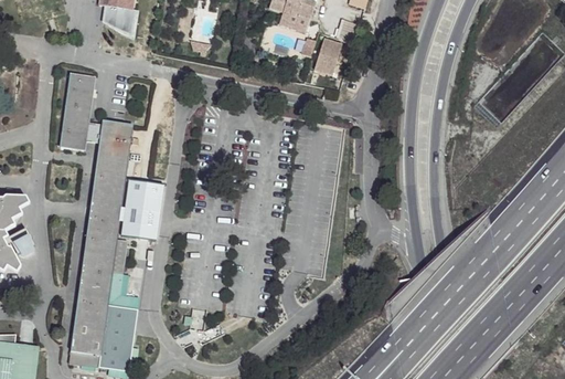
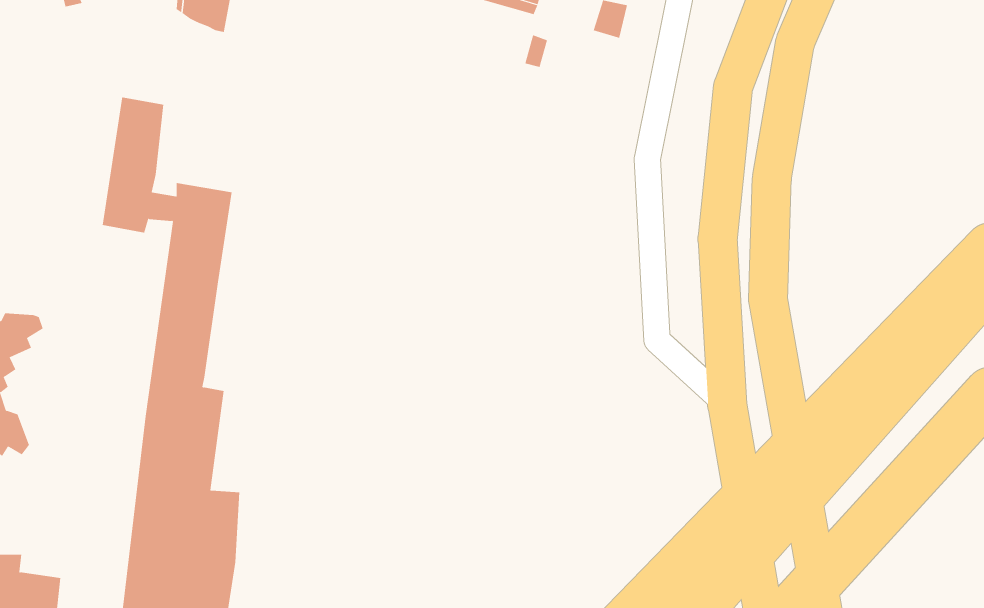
building: [311,38,339,74] -> none
building: [118,178,163,238] -> none

